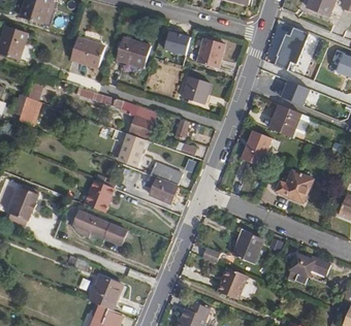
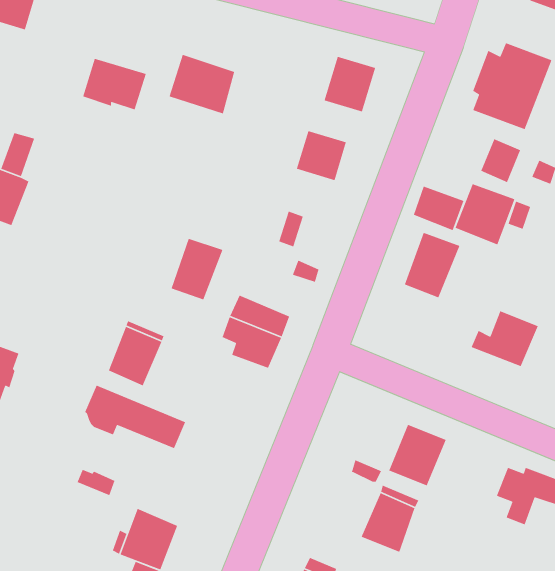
building: [164,32,191,56] -> none
building: [79,88,156,136] -> none
building: none -> [413,186,465,231]

